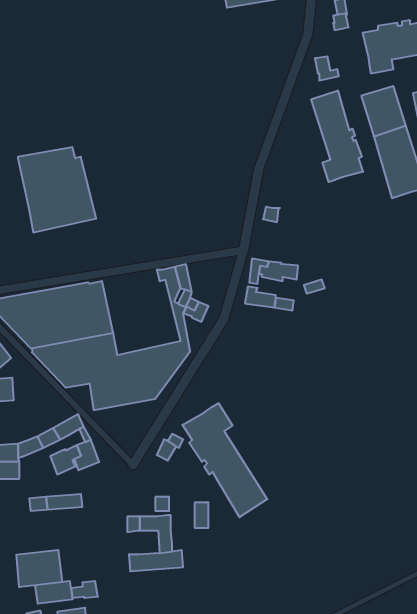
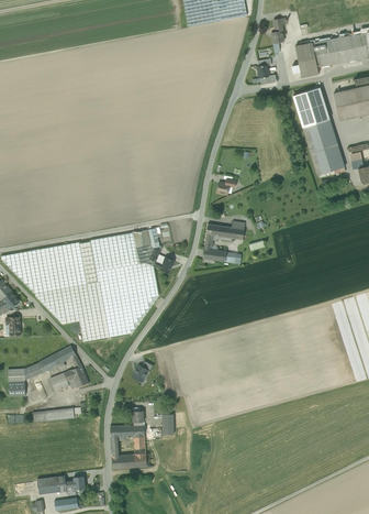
building: [311,90,363,182] -> none
building: [18,147,96,233] -> [90,231,152,298]
building: [182,403,267,517] -> none
building: [17,550,62,587] -> none

